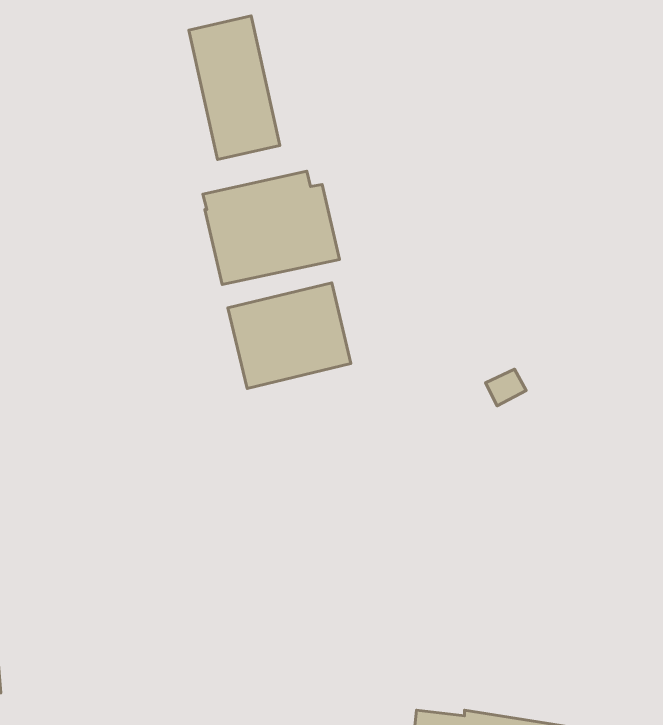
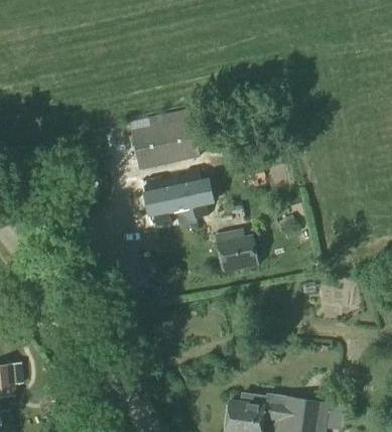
building: [189,16,280,159] -> none
building: none -> [218,230,257,268]

